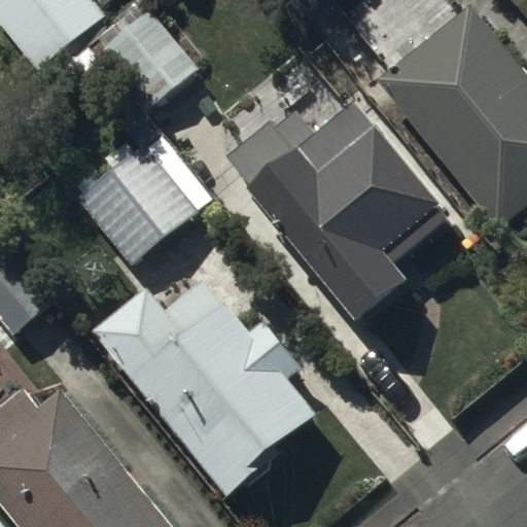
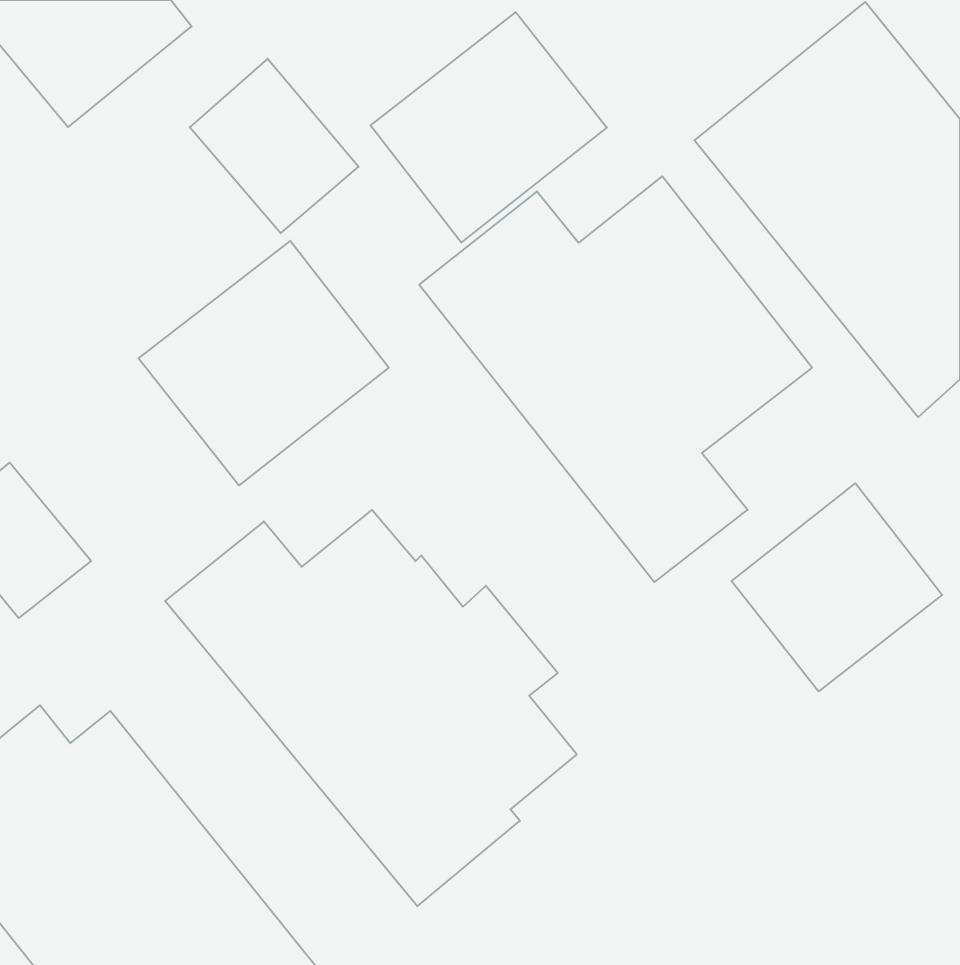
building: none -> [370,12,607,243]
building: none -> [731,483,942,691]

